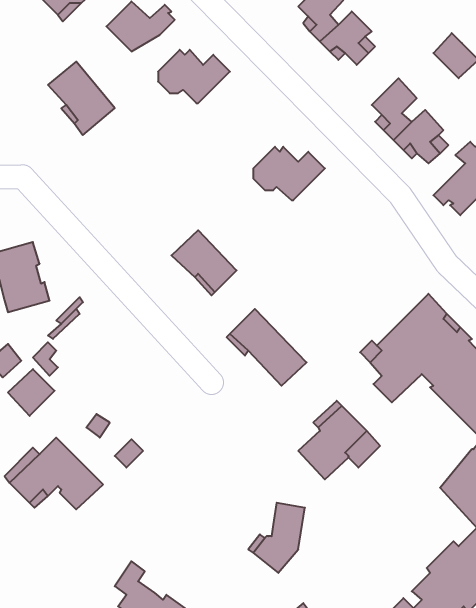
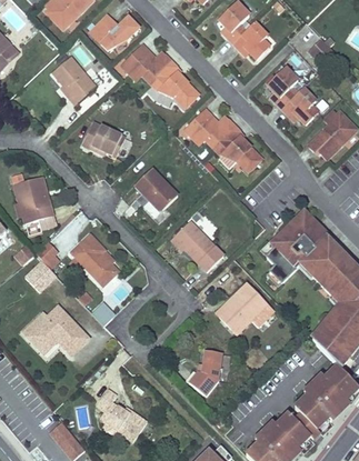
building: none -> [152,62,199,103]
building: none -> [82,121,126,157]
building: none -> [216,127,262,168]
building: none -> [71,233,119,285]

